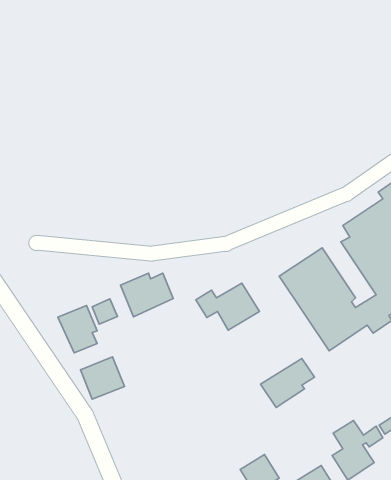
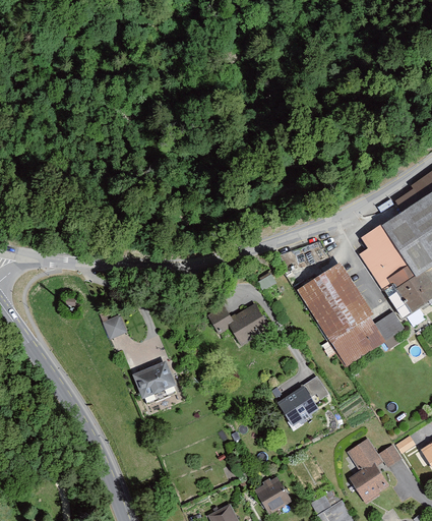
building: [120,273,173,317] -> none
building: [58,305,97,353] -> none
building: [80,357,124,399] -> [131,361,177,405]

